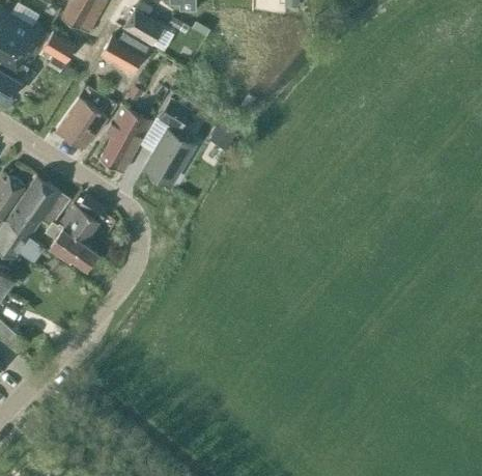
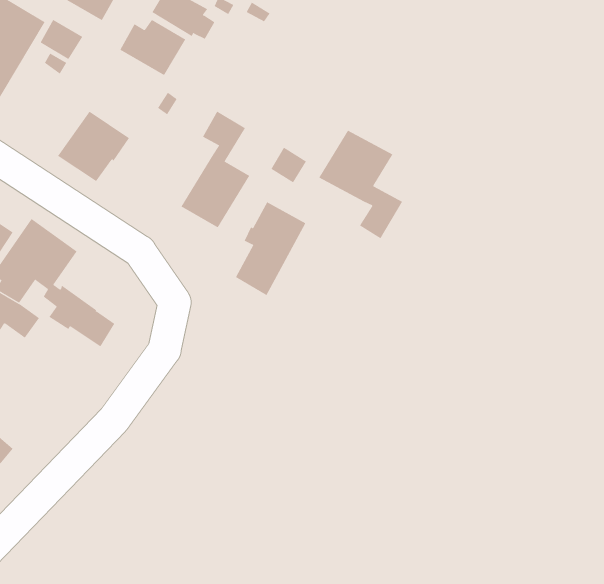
building: [100,107,150,174] -> [235,202,306,296]
building: none -> [318,130,403,239]
building: [59,196,108,243] -> none

